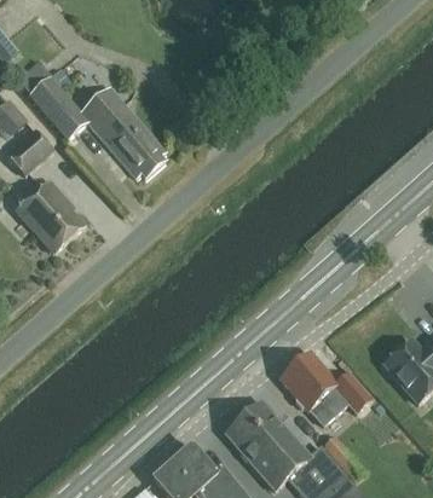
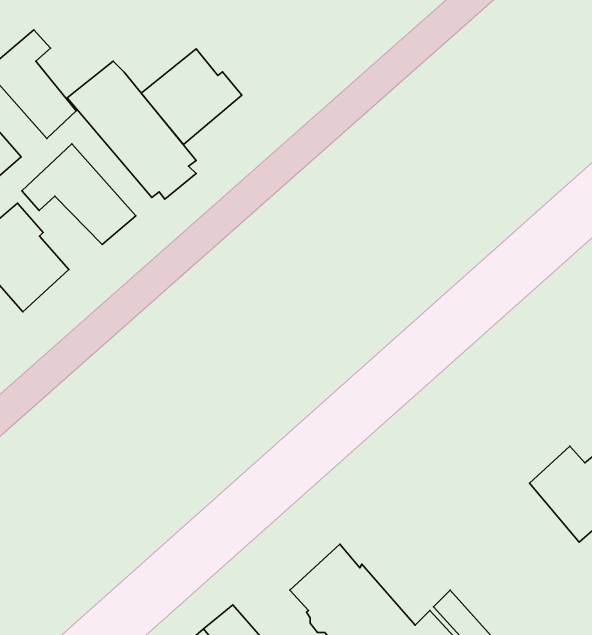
building: none -> [141,49,242,144]
building: none -> [22,144,136,244]
building: [279,352,371,423] -> none

